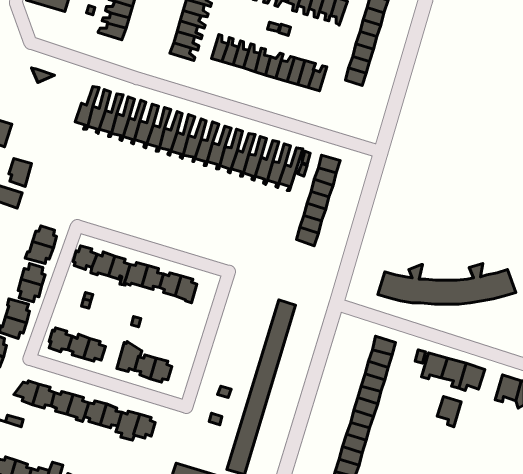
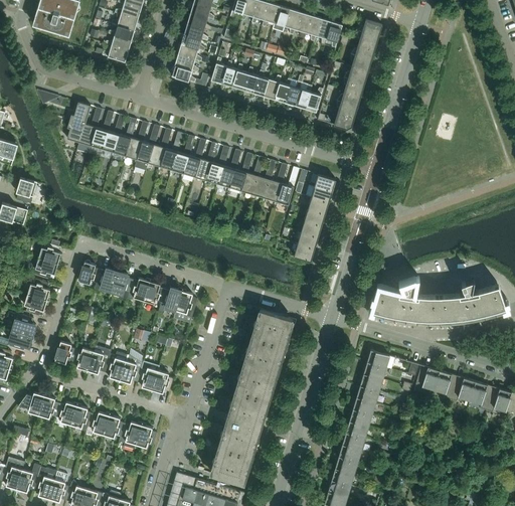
building: none -> [67,102,91,146]
building: none -> [334,102,357,129]
building: none -> [210,309,277,478]
building: none -> [105,352,127,380]
building: [437,397,461,427] -> [470,381,493,410]

